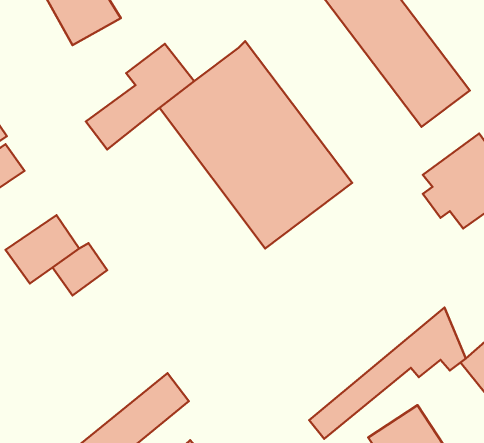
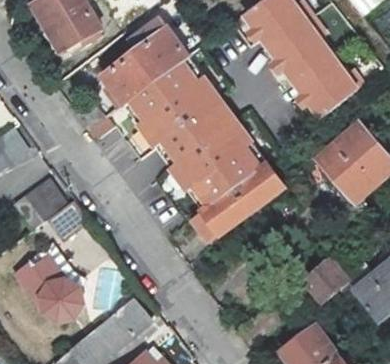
building: none -> [130,27,185,81]
building: none -> [197,157,288,240]
building: none -> [16,256,83,327]

